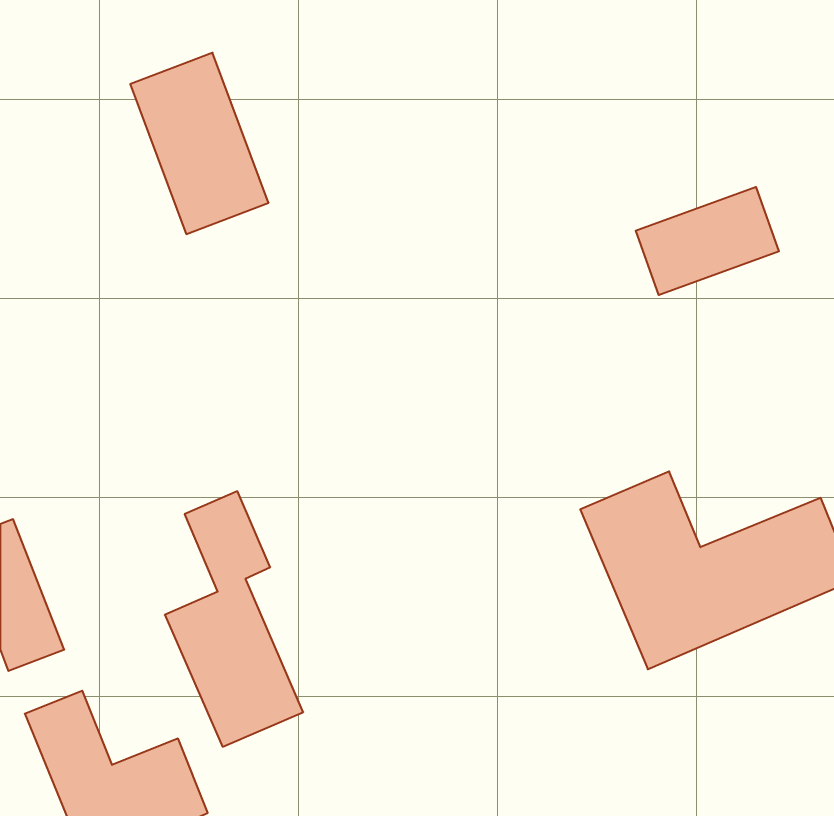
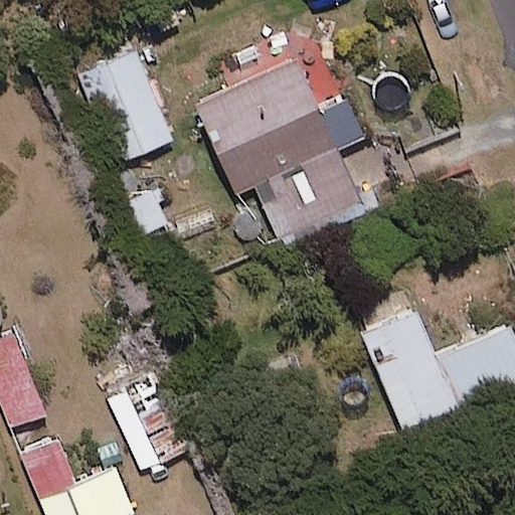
building: none -> [202,66,362,245]
building: [636,187,779,295] -> none

